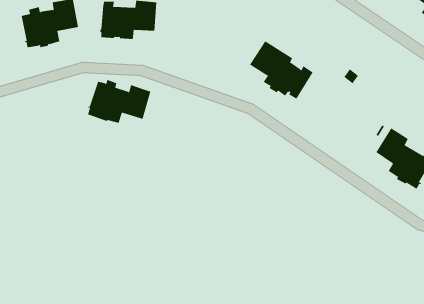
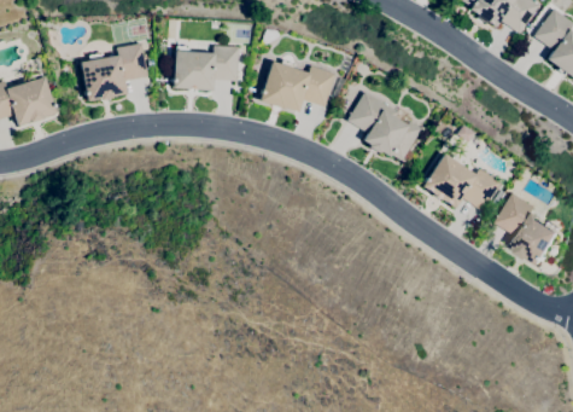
building: [87,79,151,124] -> [261,58,335,110]
building: none -> [423,152,502,209]

